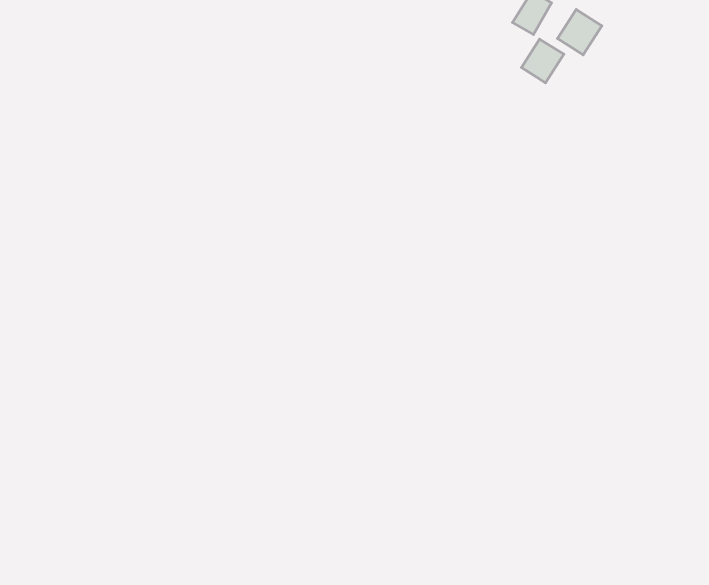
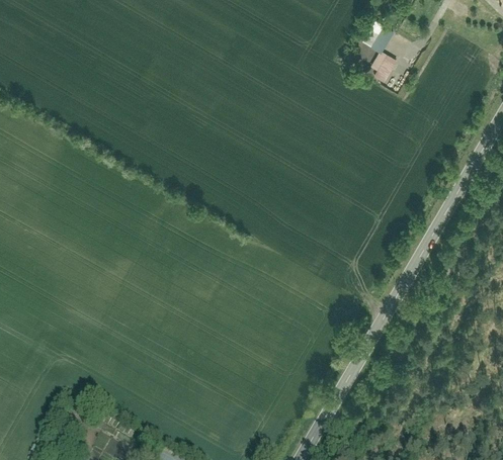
building: [558,9,602,55] -> none

